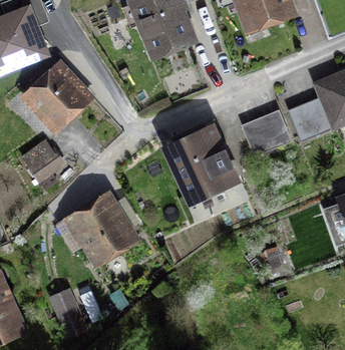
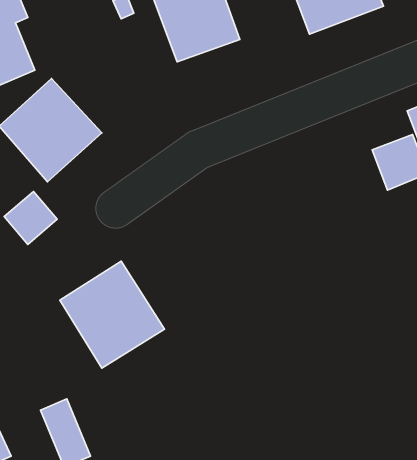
building: [241,111,292,158] -> none
building: [163,124,241,205] -> none

